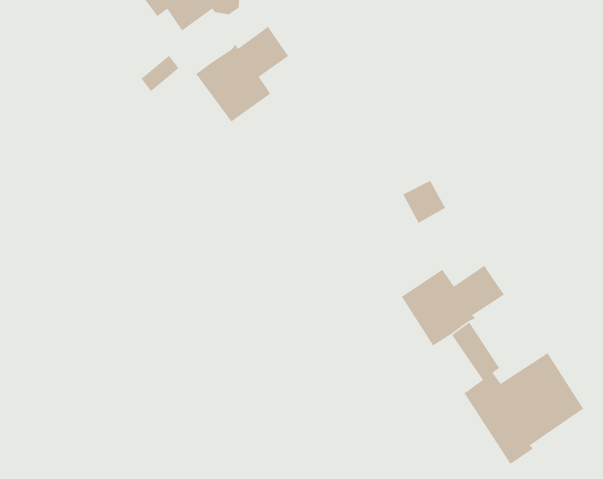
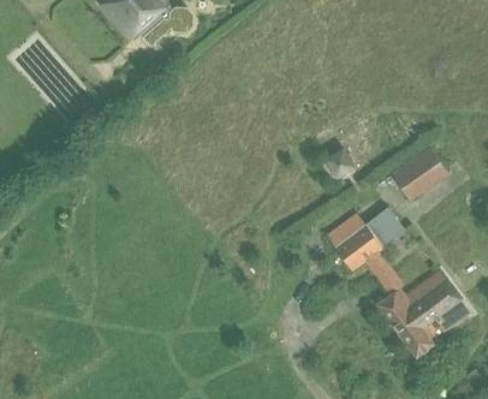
building: [195,26,289,122] -> none
building: none -> [389,147,448,201]

